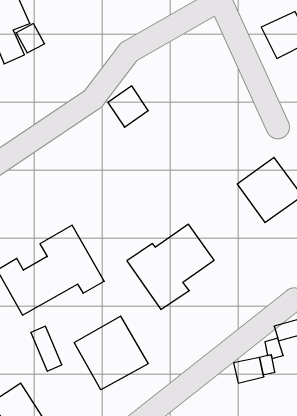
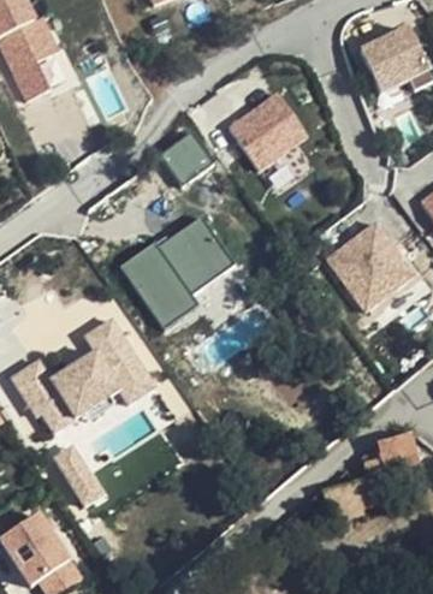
building: none -> [231,97,304,170]
building: [127,224,214,310] -> [119,219,233,331]
building: [74,316,148,390] -> none

